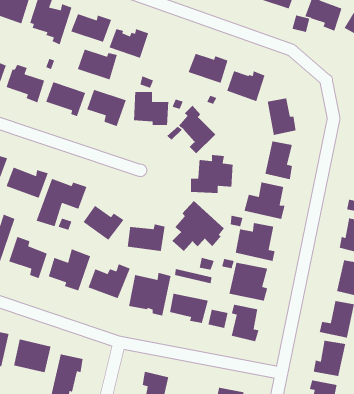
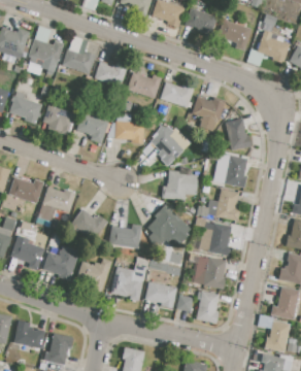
building: [77,48,118,81] -> [127,71,161,98]

